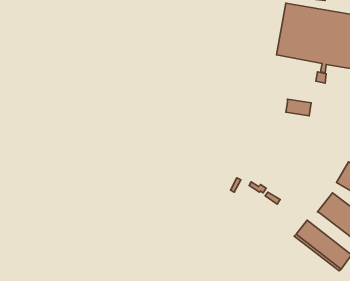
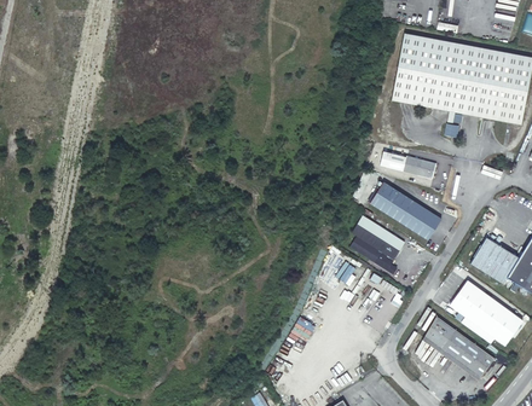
building: none -> [386,190,444,239]
building: none -> [349,219,405,278]

